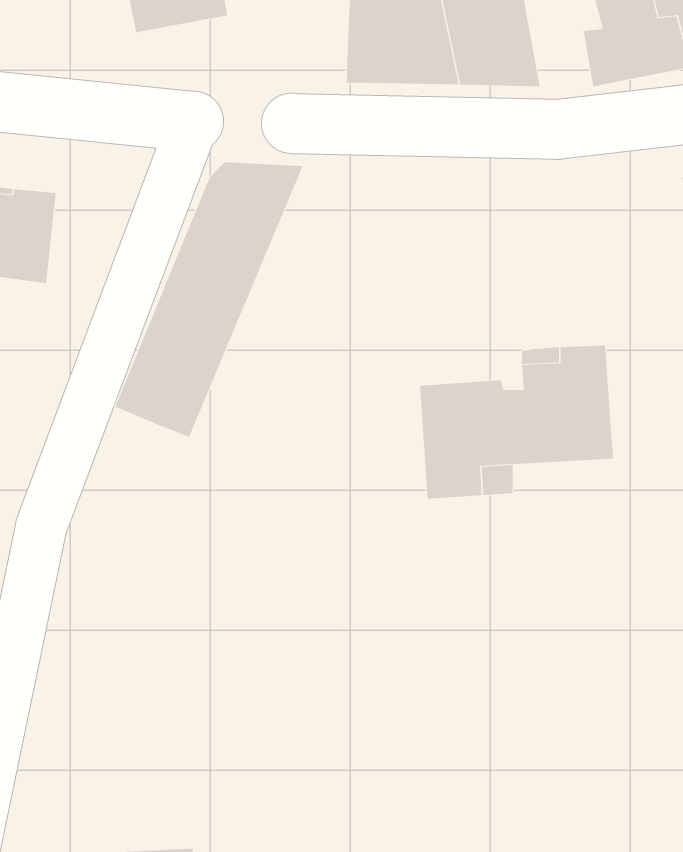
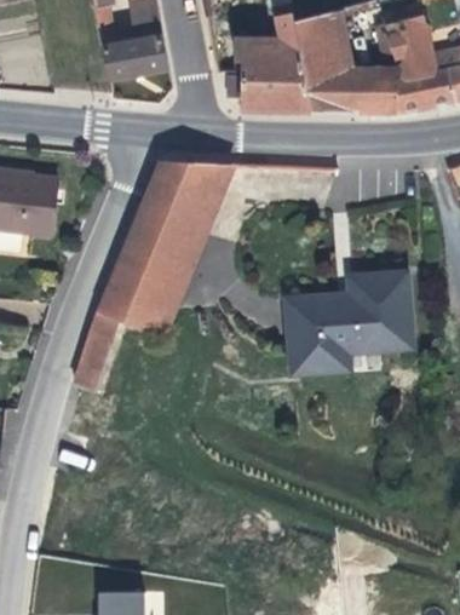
building: none -> [353,64,395,111]
building: none -> [142,161,236,341]
building: none -> [74,312,126,391]

